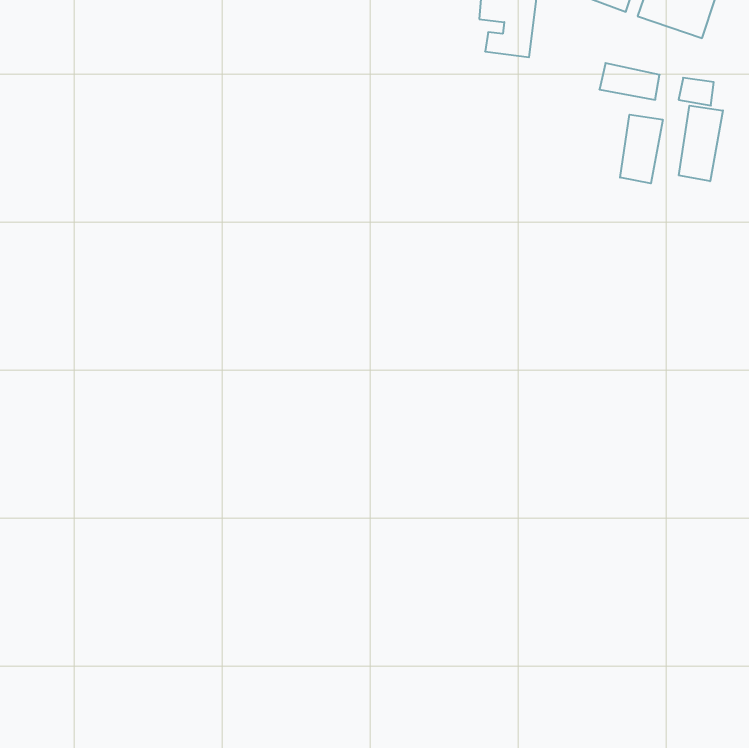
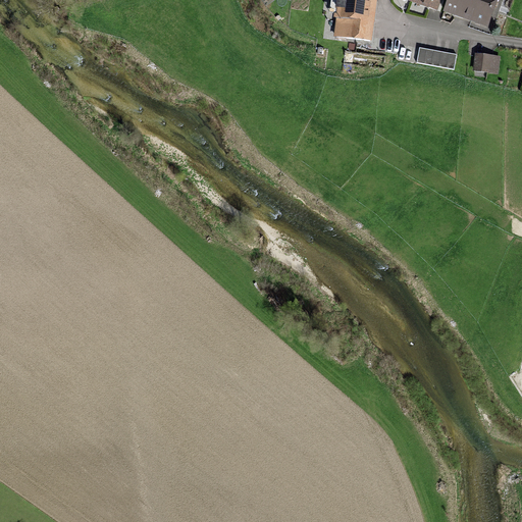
building: [679,106,723,181] -> none
building: [620,115,663,183] -> none

